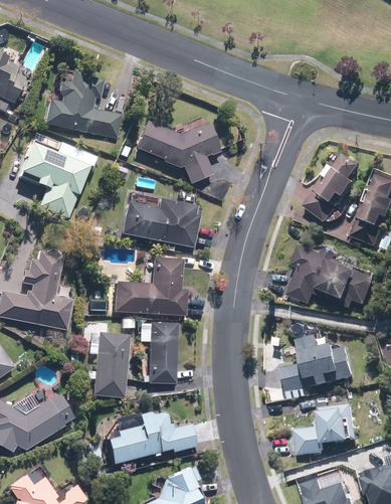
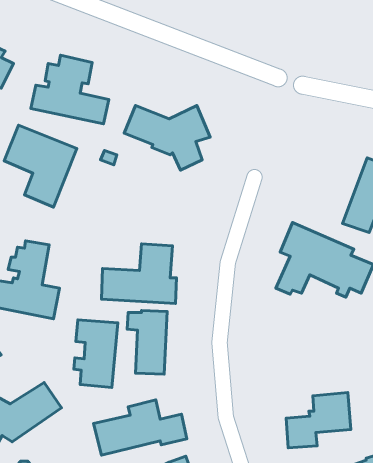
building: [302,148,363,222] -> none
building: [121,197,199,247] -> none
building: [281,332,359,392] -> none

